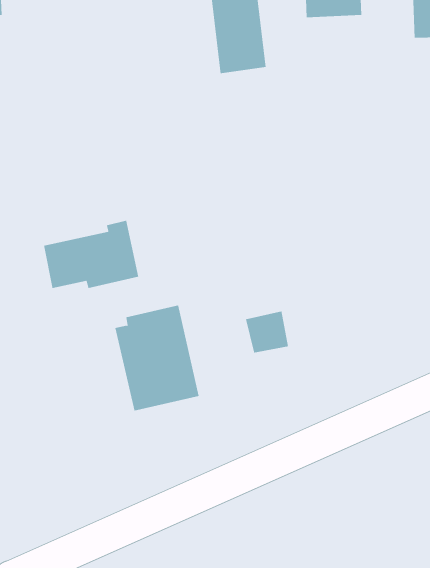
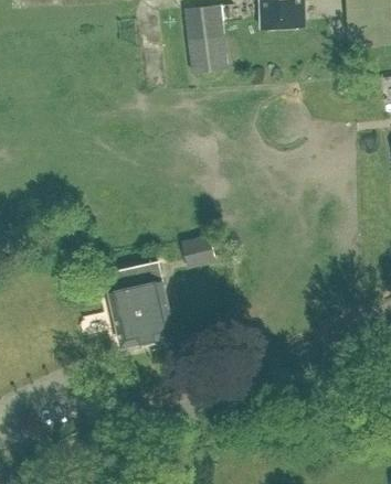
building: [44,220,139,289] -> none
building: [245,311,289,353] -> [180,233,215,267]

